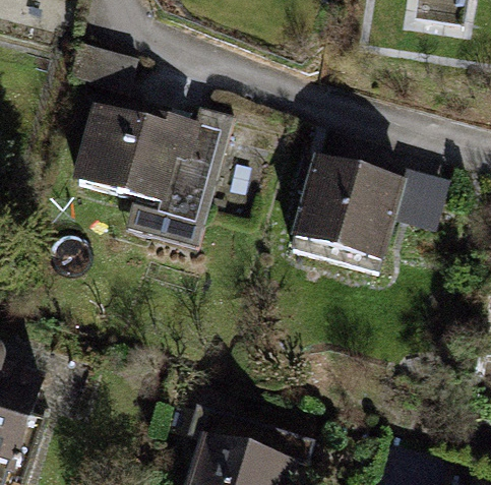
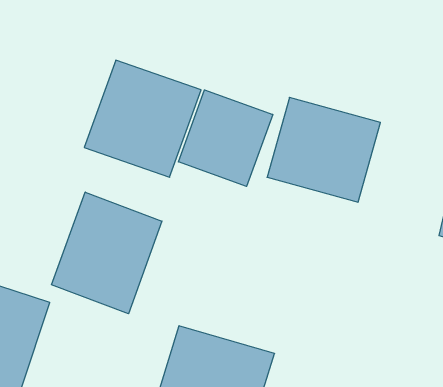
building: none -> [178,90,273,186]
building: none -> [52,192,162,314]

